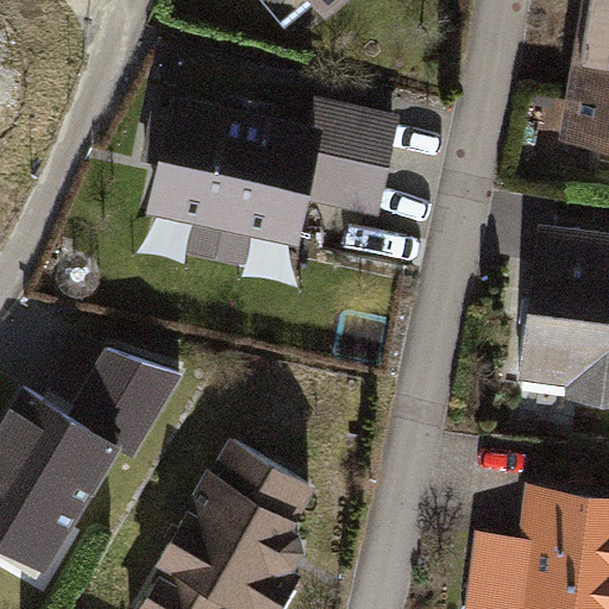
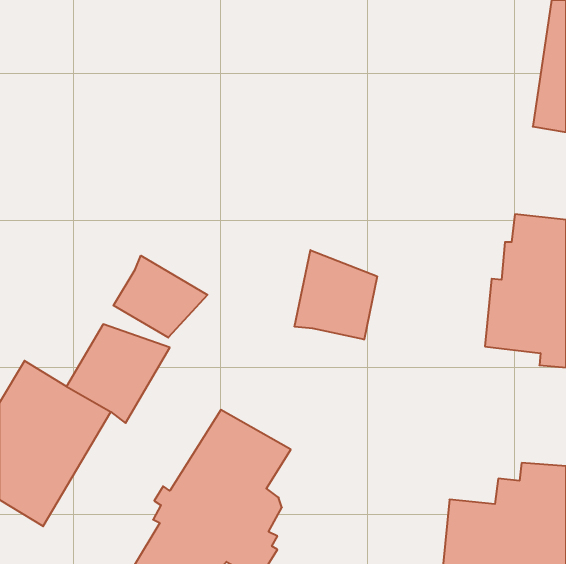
building: [146,95,395,259] -> none
building: none -> [295,250,377,340]
building: none -> [113,256,207,338]

